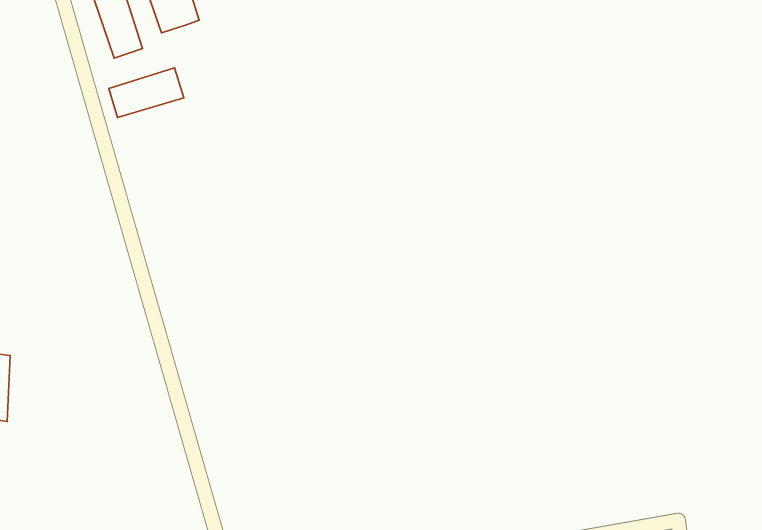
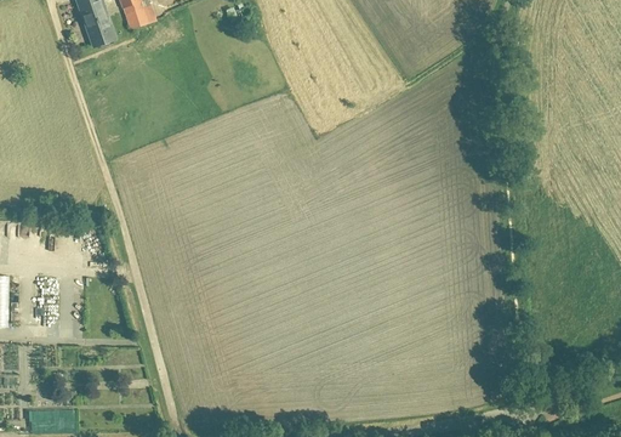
building: [109,68,184,117] -> none

